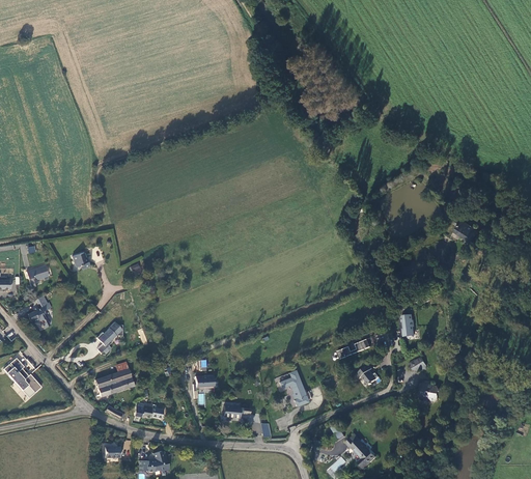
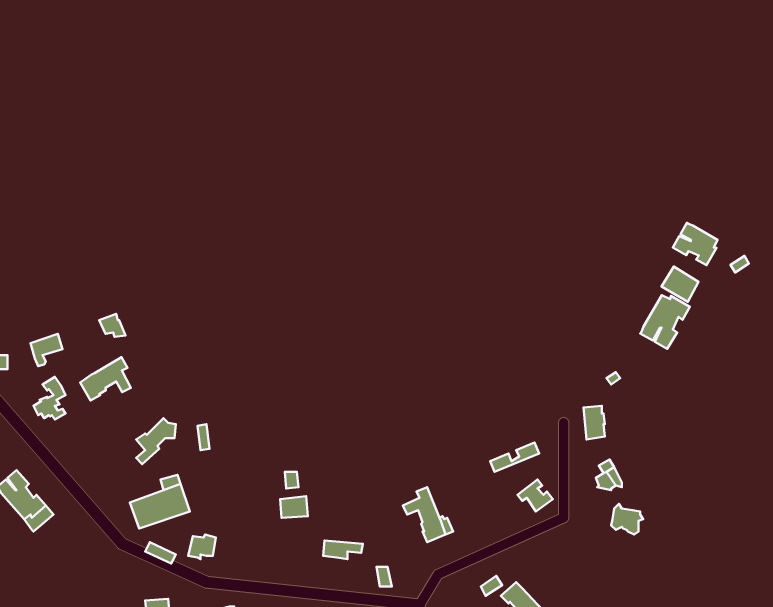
building: none -> [673,223,717,265]
building: none -> [640,295,690,349]
building: none -> [80,357,131,401]

